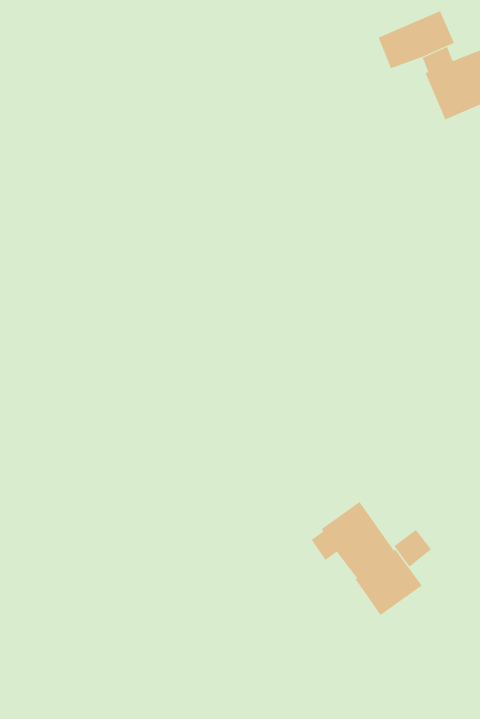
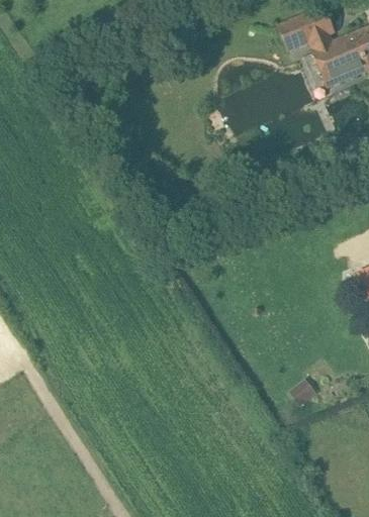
building: [311,501,422,616] -> none

